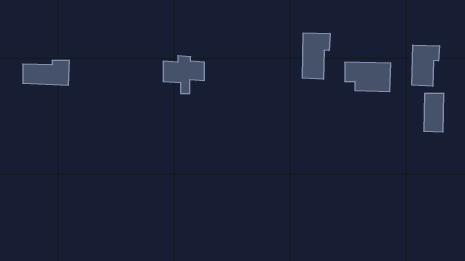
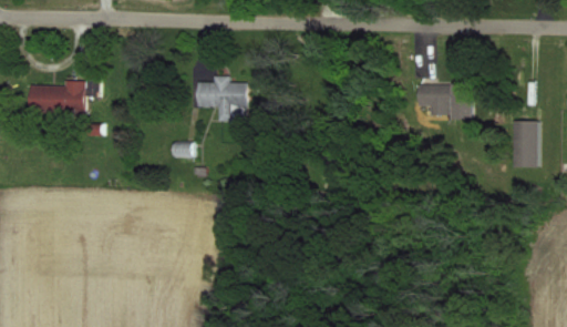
building: [302,33,330,79] -> none
building: [412,45,440,86] -> none

